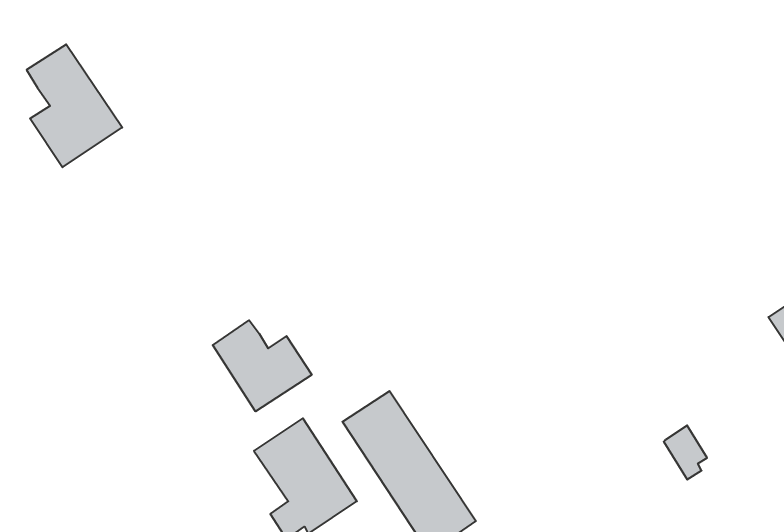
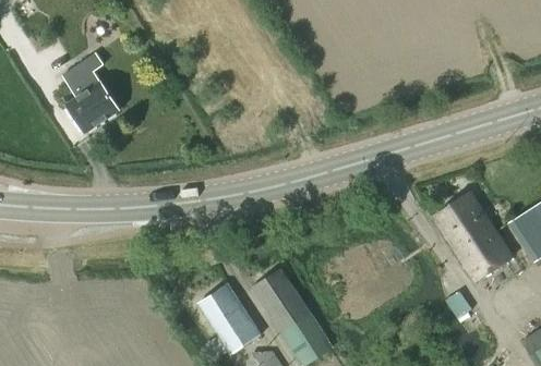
building: none -> [435,193,513,280]
building: [213,320,312,411] -> none

